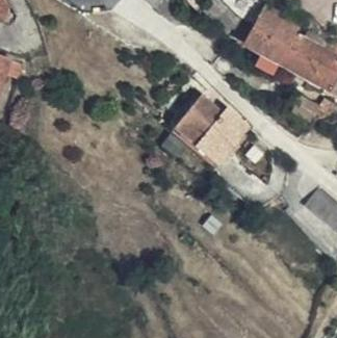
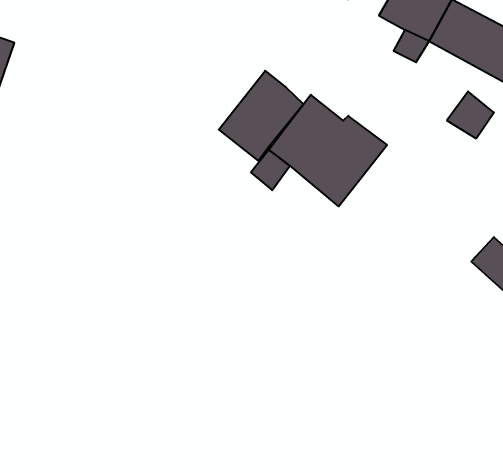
building: none -> [219,71,304,161]

